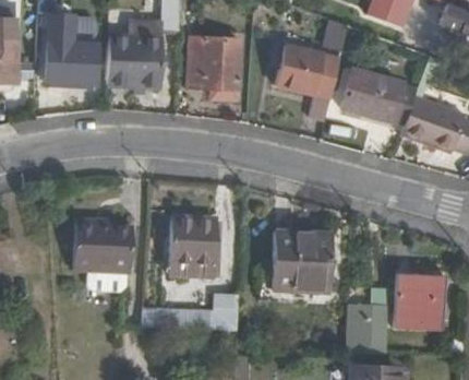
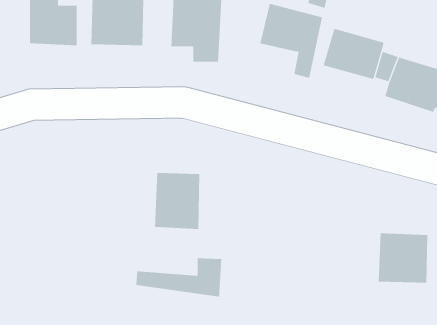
building: [74,212,134,288] -> none
building: [262,230,332,301] -> none
building: [350,302,388,353] -> none

